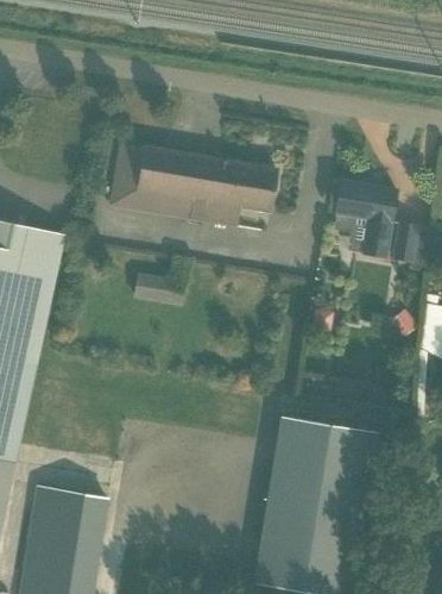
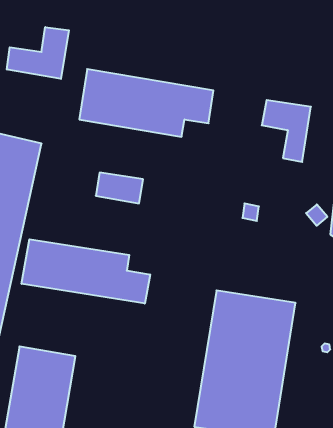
building: none -> [7,27,69,79]
building: [393,223,418,261] -> none
building: none -> [22,239,150,304]

